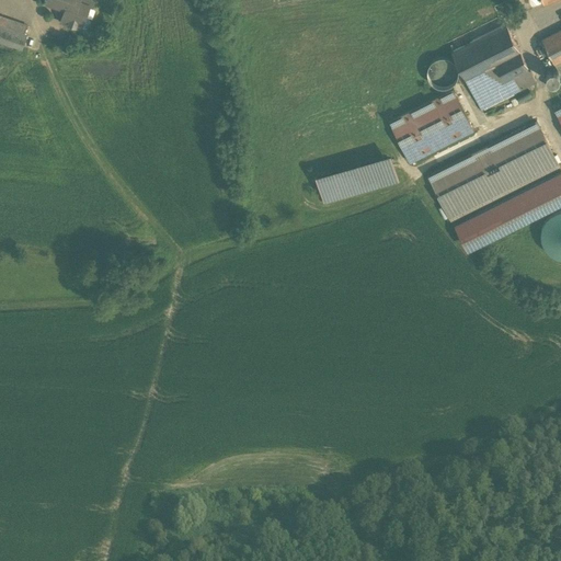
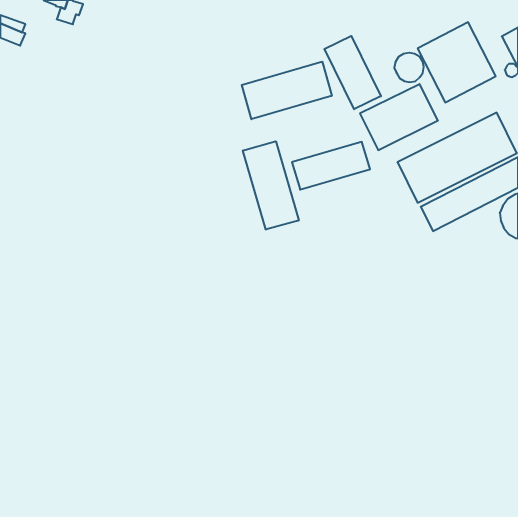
building: none -> [324,36,381,109]
building: none -> [242,62,332,119]
building: none -> [243,141,299,230]

